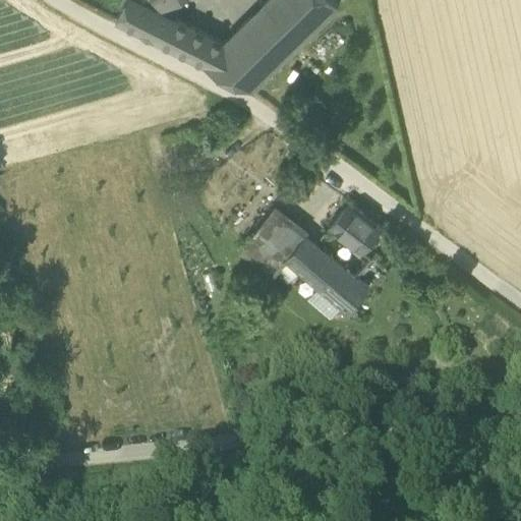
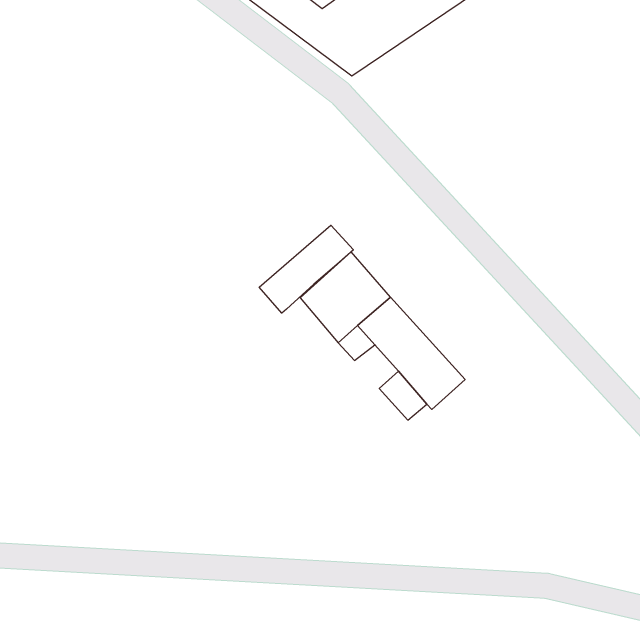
building: none -> [259,225,353,313]
building: [329,204,383,255] -> none

